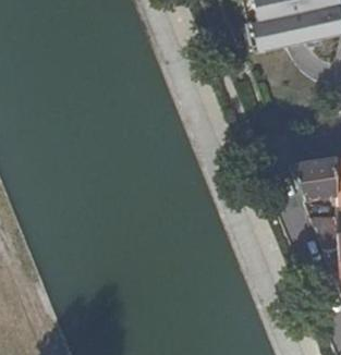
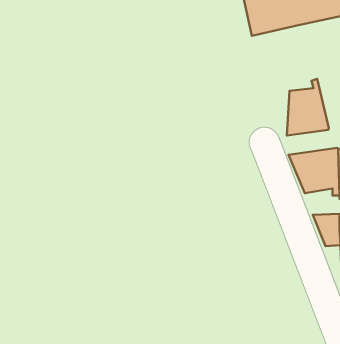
building: none -> [287,79,329,136]

